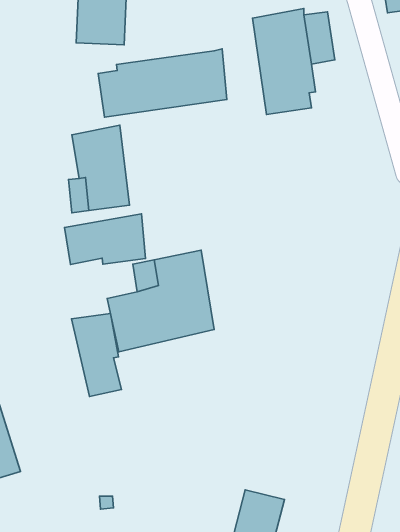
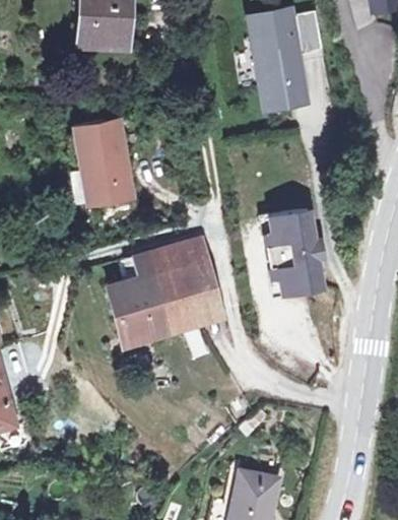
building: [98,49,227,117] -> none
building: none -> [275,203,325,285]
building: [64,214,146,264] -> none
building: [72,314,121,397] -> none

